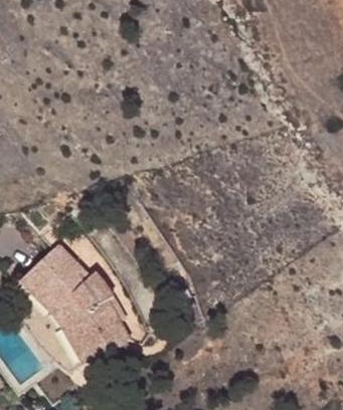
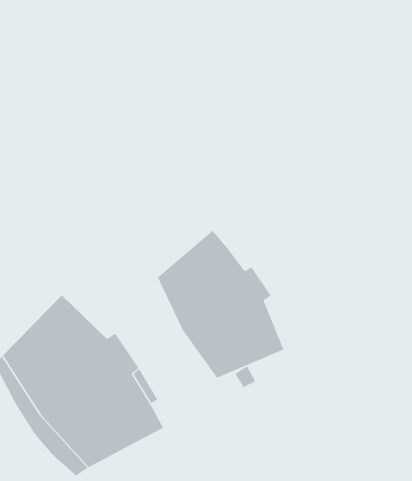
building: none -> [157,230,284,378]

